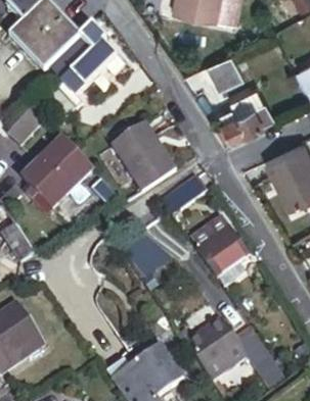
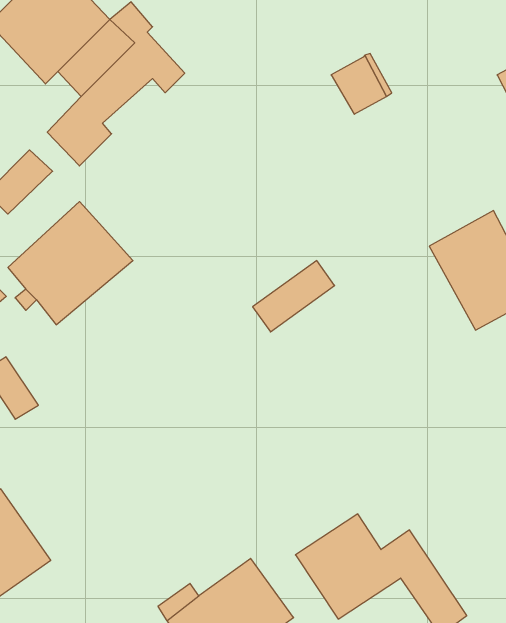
building: [213,88,269,143] -> none
building: [113,123,179,191] -> none
building: [194,217,251,286] -> none

